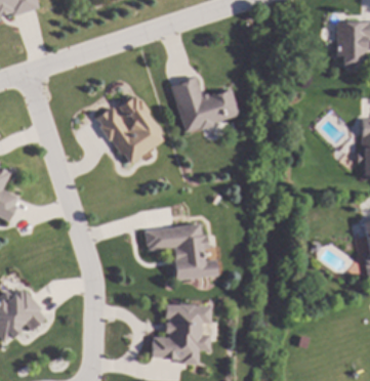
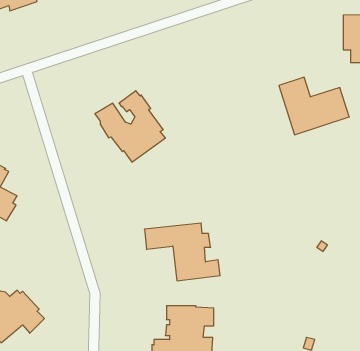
building: [170,75,239,131] -> [279,77,349,135]

